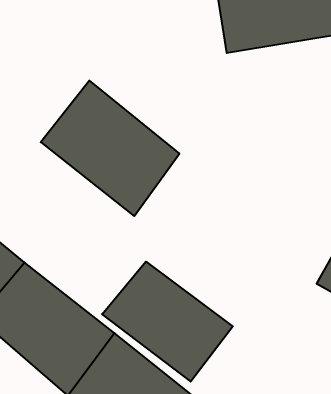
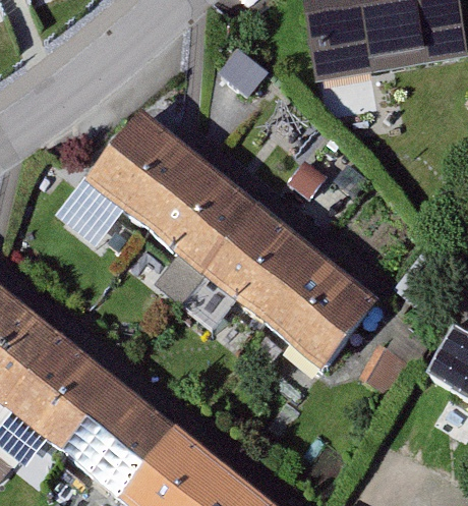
building: none -> [198,202,377,374]
building: [102,262,233,382] -> none

